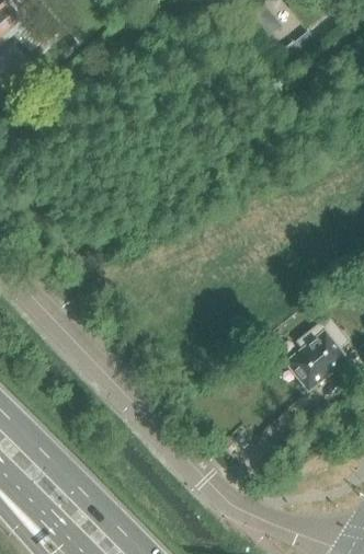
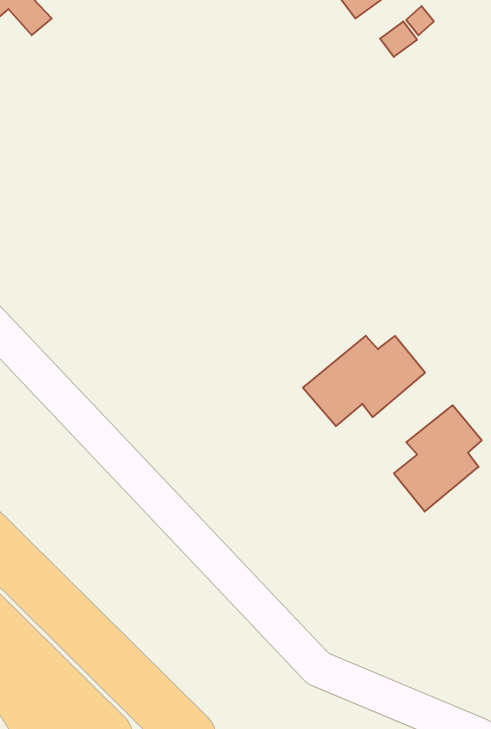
building: none -> [303,336,425,426]

